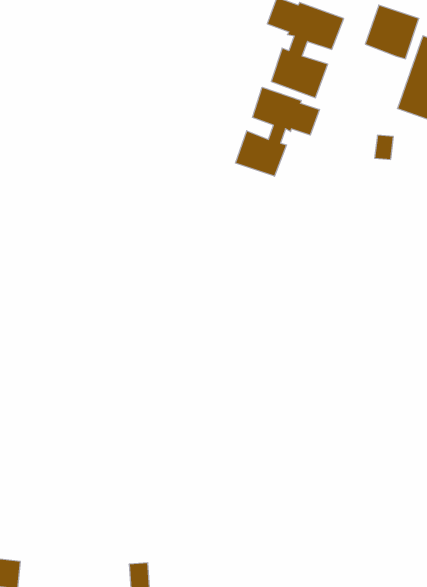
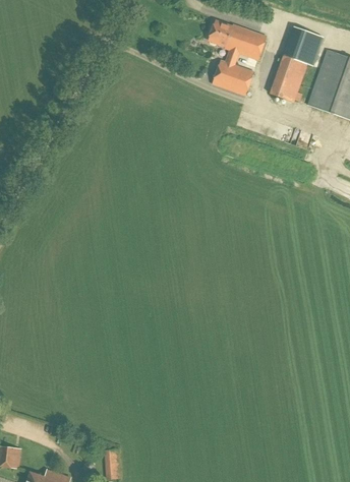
building: none -> [270,56,306,103]
building: [236,87,319,176] -> none

